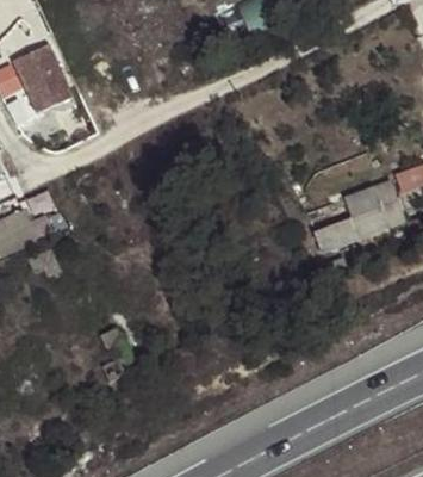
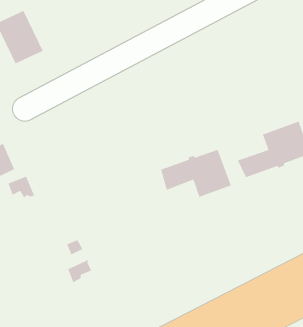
building: none -> [160,149,232,198]

